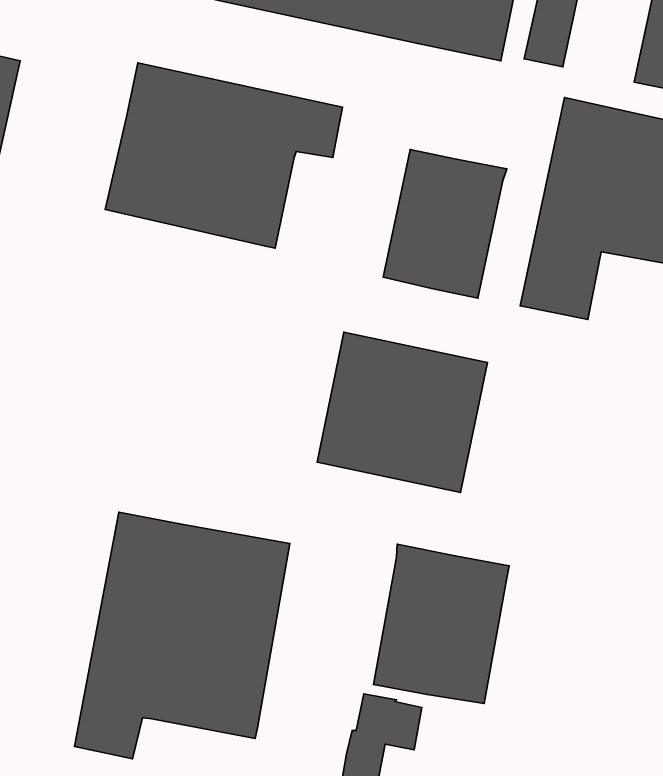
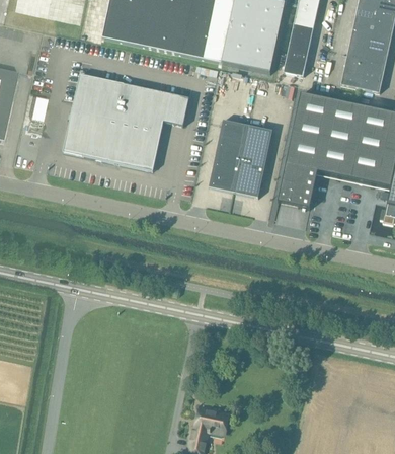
building: [317,332,487,493] -> none
building: [75,512,290,759] -> none
building: [373,544,509,703] -> none

